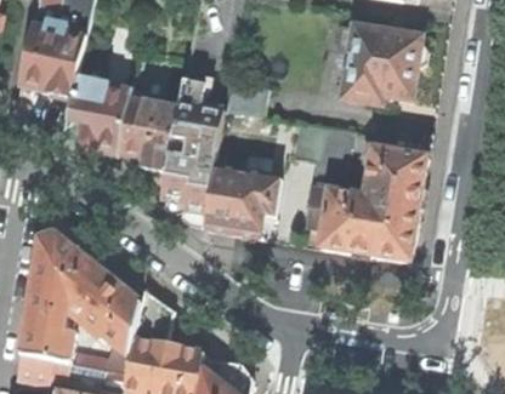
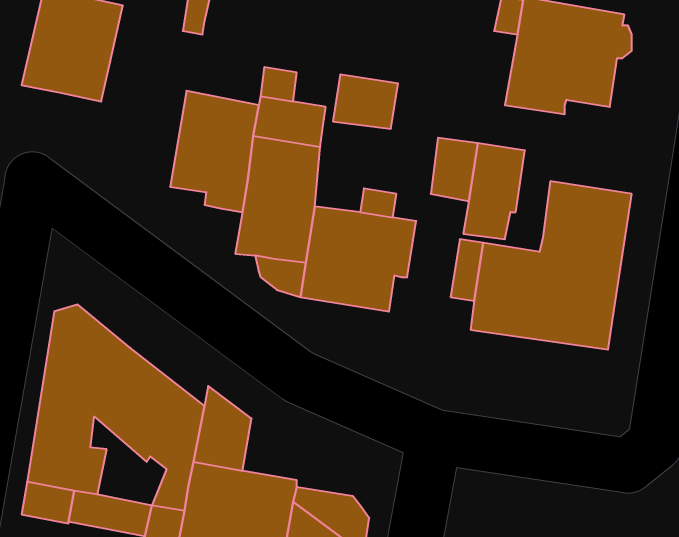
building: [66,69,127,153] -> none

